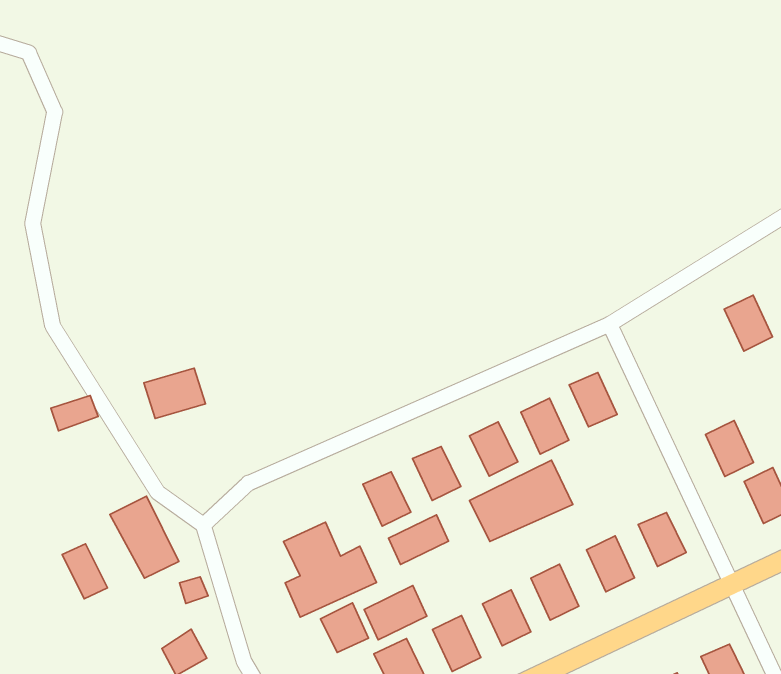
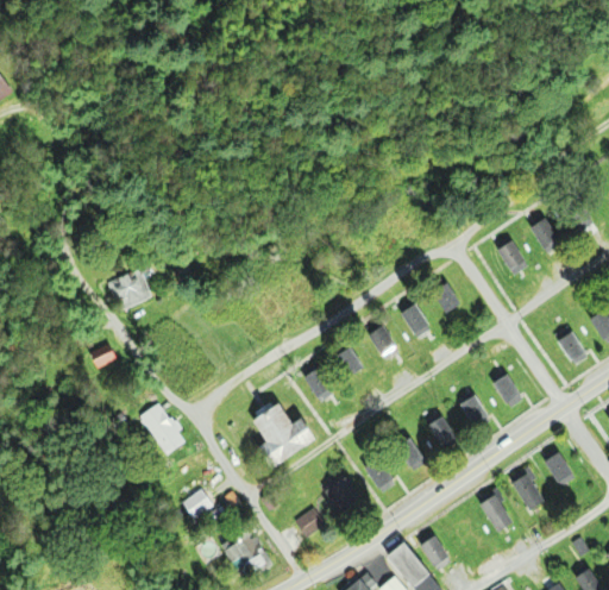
building: [144,368,206,418] -> [108,274,151,310]
building: [705,421,754,477] -> [492,238,527,276]
building: [469,460,573,542] -> none
building: [389,515,448,565] -> none
building: [62,544,107,599] -> none
building: [364,586,427,640] -> none
building: [321,603,369,652] -> none

